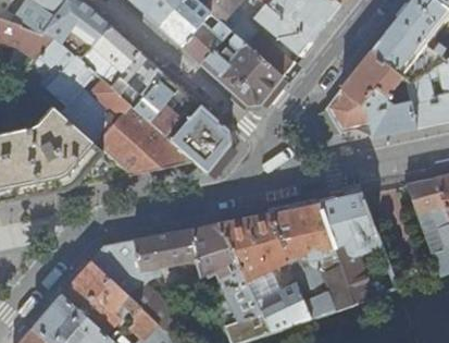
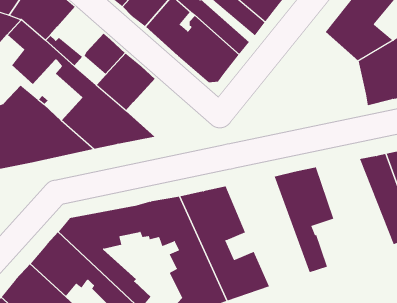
building: [92,25,140,72] -> none
building: [327,51,416,137] -> none
building: [164,106,230,172] -> none
building: [269,203,356,318] -> none

